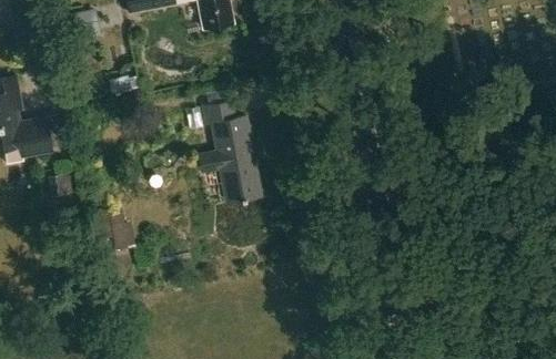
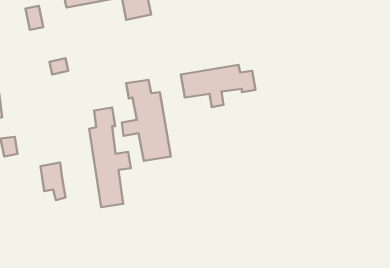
building: none -> [181,65,256,107]
building: none -> [89,108,131,207]

